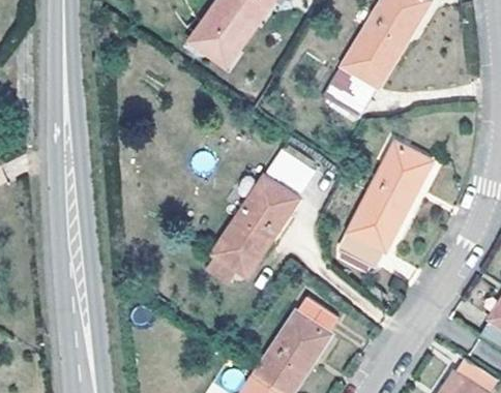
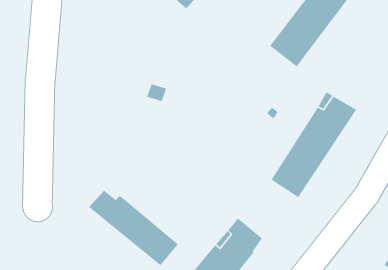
building: [212,149,313,275] -> none
building: none -> [88,190,179,266]

